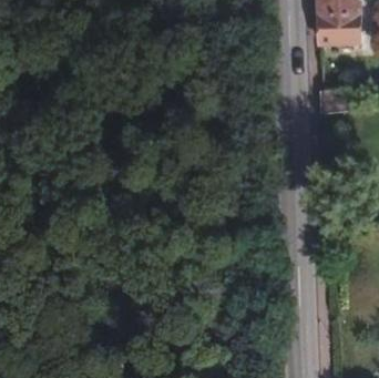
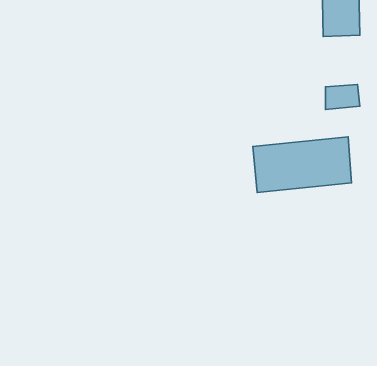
building: none -> [253,137,351,192]

